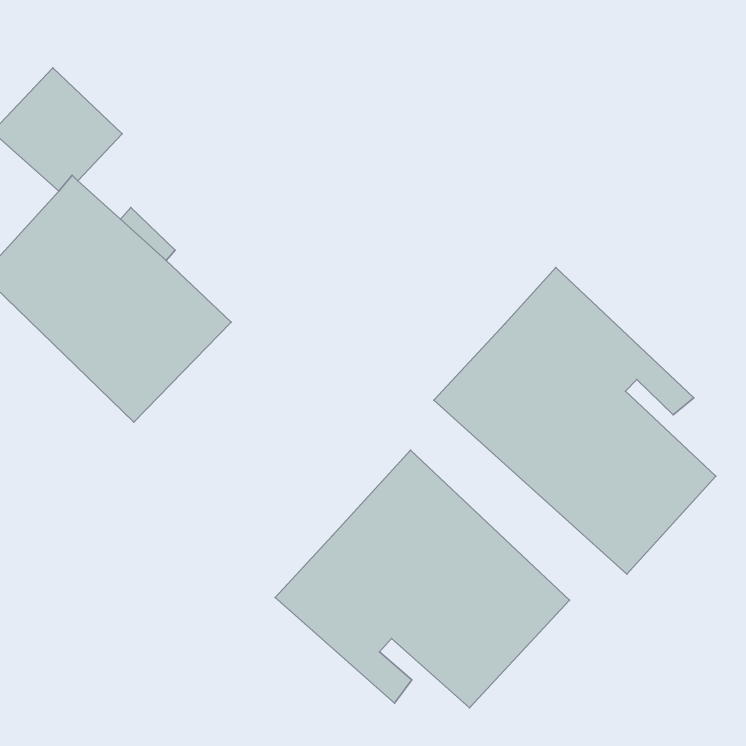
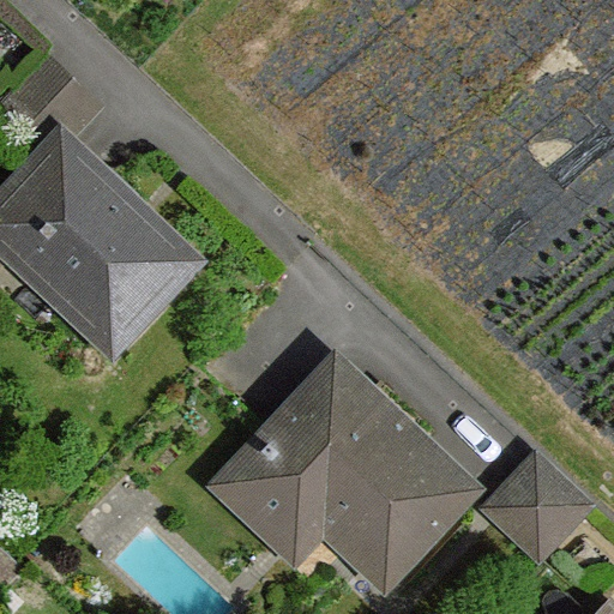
building: [434,268,716,574] -> none
building: none -> [486,462,586,562]

